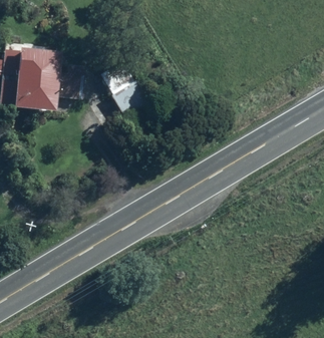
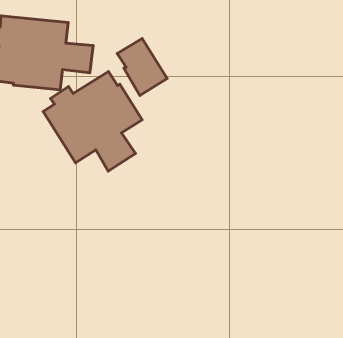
building: none -> [43,72,142,171]

